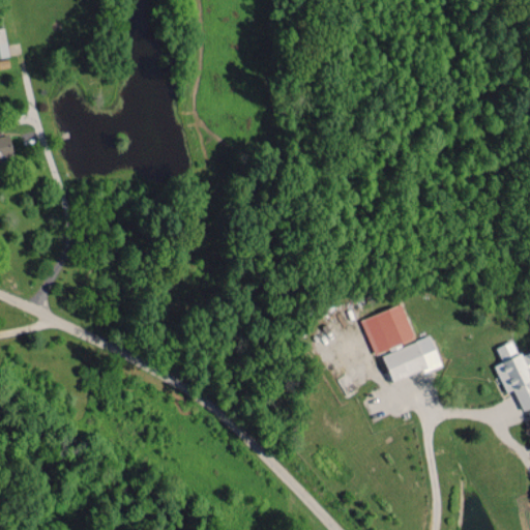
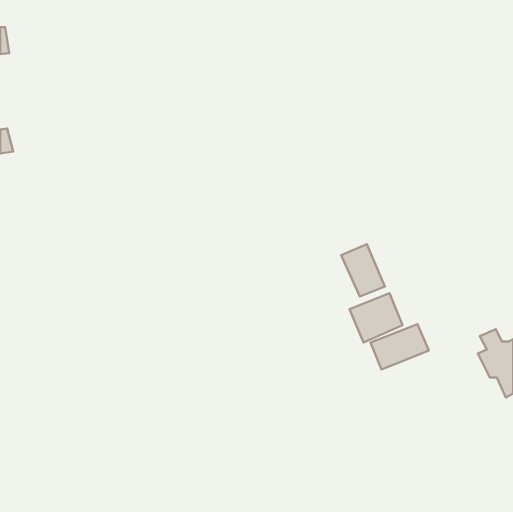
building: none -> [341,244,385,297]

